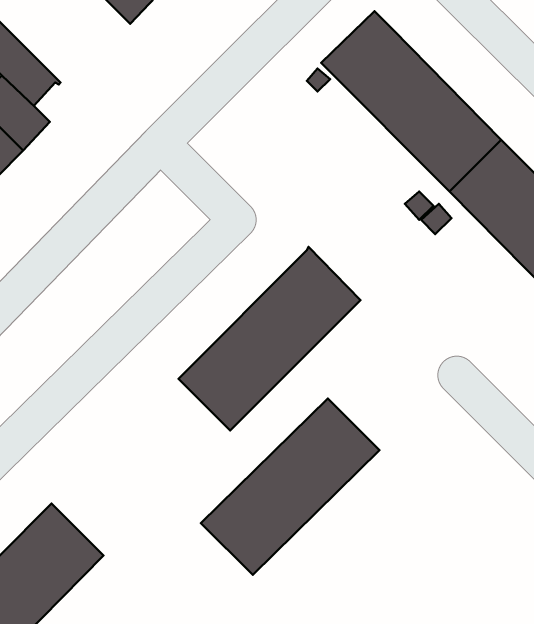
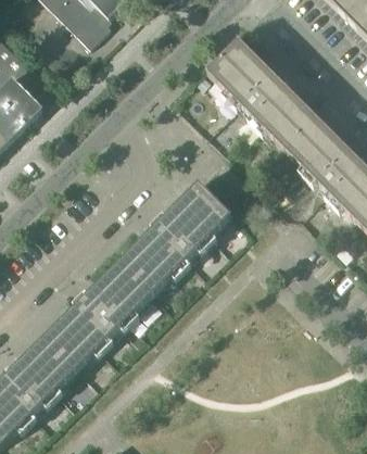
building: [201,398,379,575] -> [43,263,152,370]

